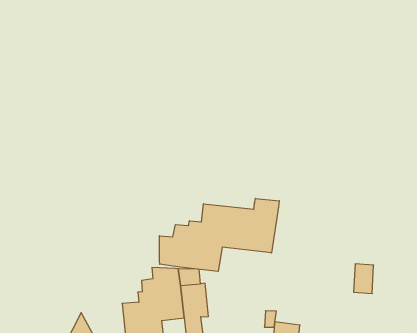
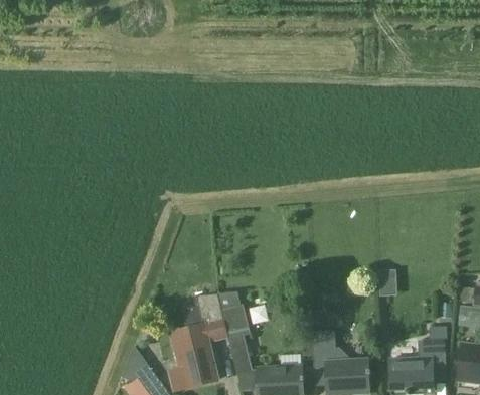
building: [159,198,279,271] -> none

